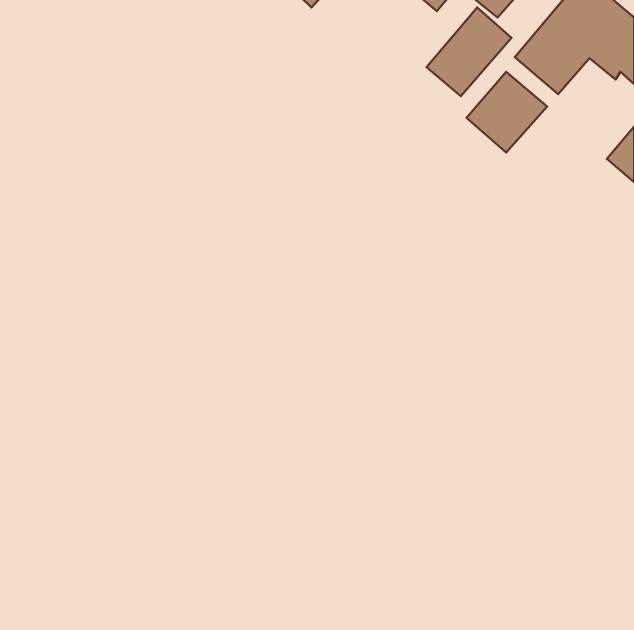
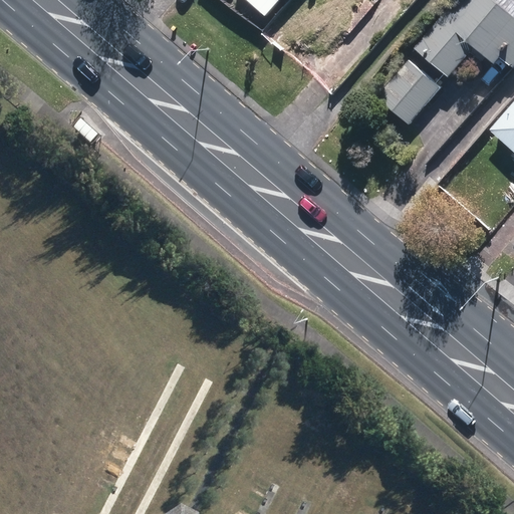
building: [427,7,511,96] -> none

